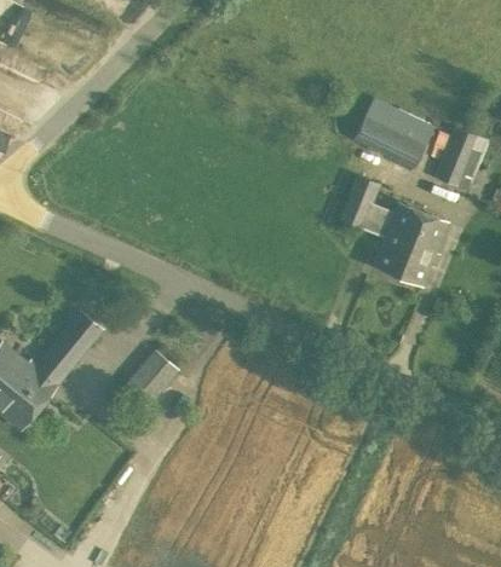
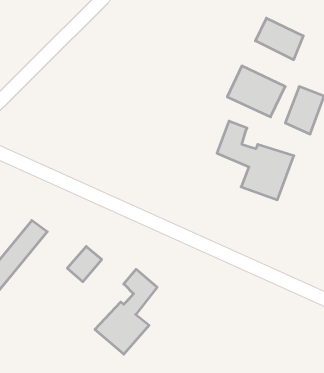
building: none -> [255,18,303,60]
building: none -> [95,269,157,354]

